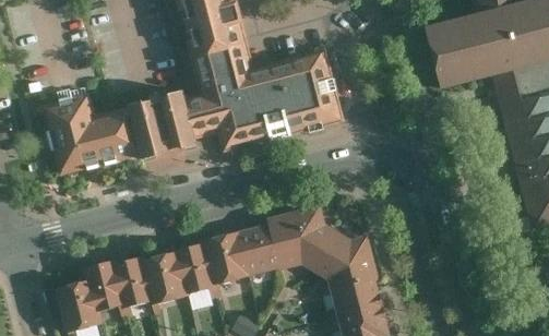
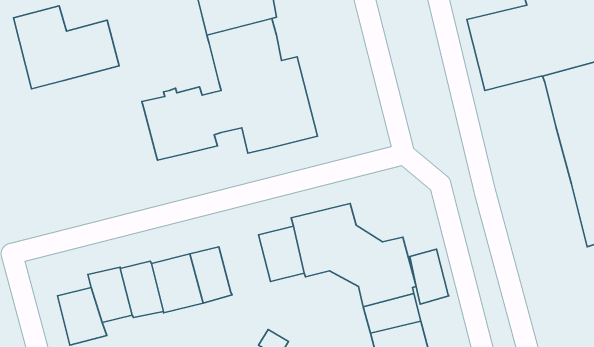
building: [270,51,347,137] -> none
building: [46,100,142,176] -> [13,6,119,89]
building: [199,227,246,279] -> none
building: none -> [410,249,449,304]

